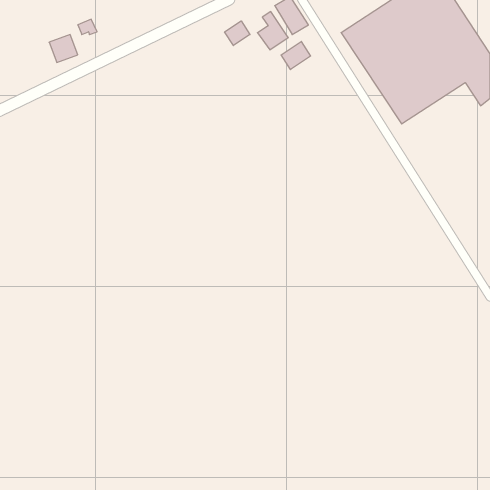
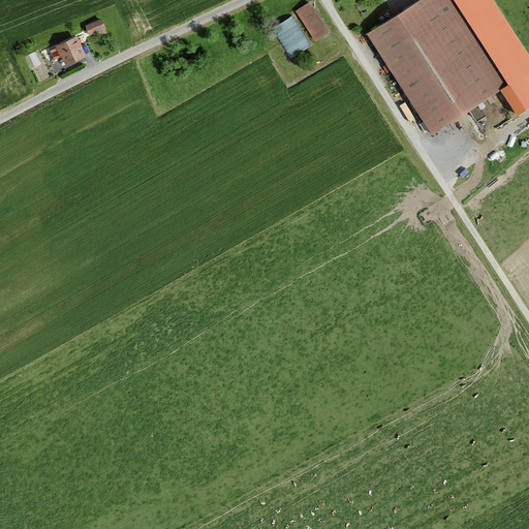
building: [225,21,250,46] -> none
building: [281,41,311,70] -> none

